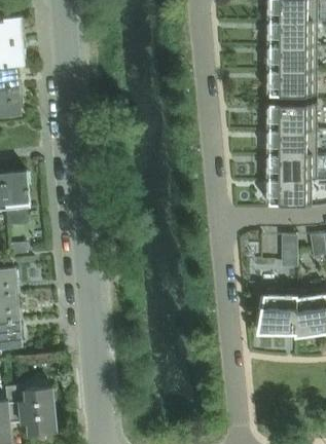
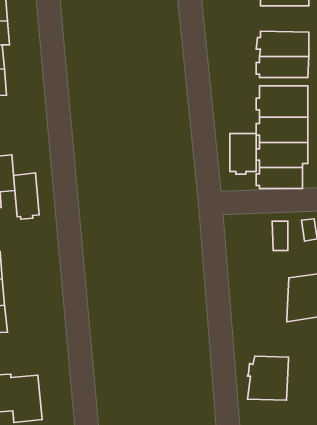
building: [267,27,318,52] -> none
building: none -> [230,134,256,174]
building: none -> [14,173,39,219]
building: [258,290,298,333] -> [248,356,288,400]

